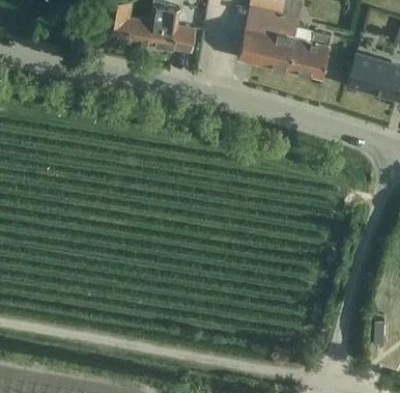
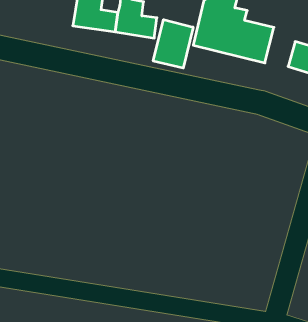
building: none -> [153,20,193,68]

